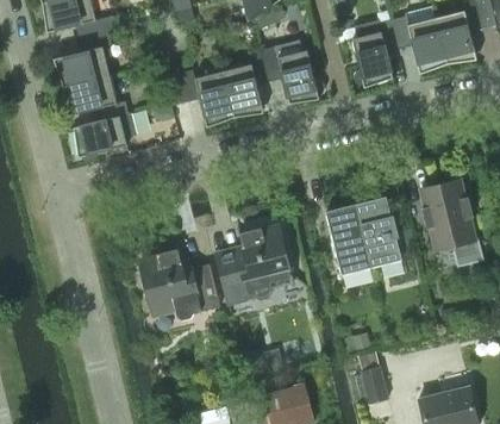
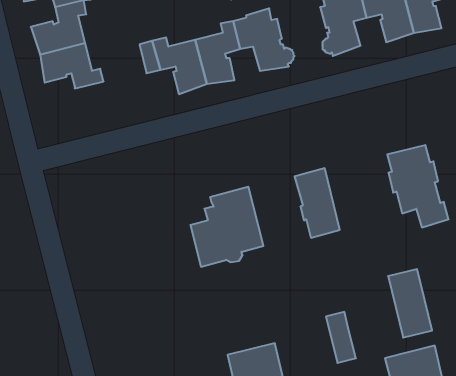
building: [74,112,136,162] -> none
building: [356,195,401,266] -> [388,269,432,338]
building: [138,248,220,319] -> none

